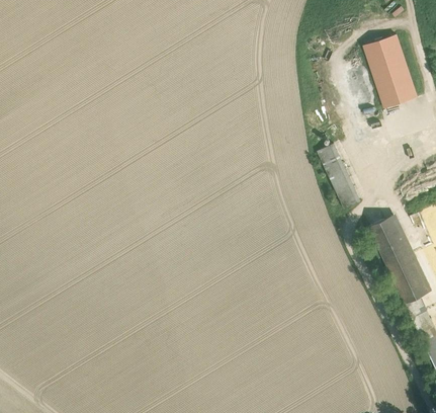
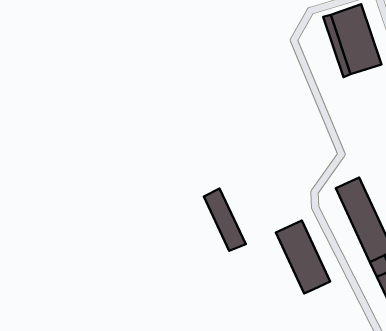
building: [319,143,362,208] -> [204,189,246,251]
building: none -> [276,220,330,294]

